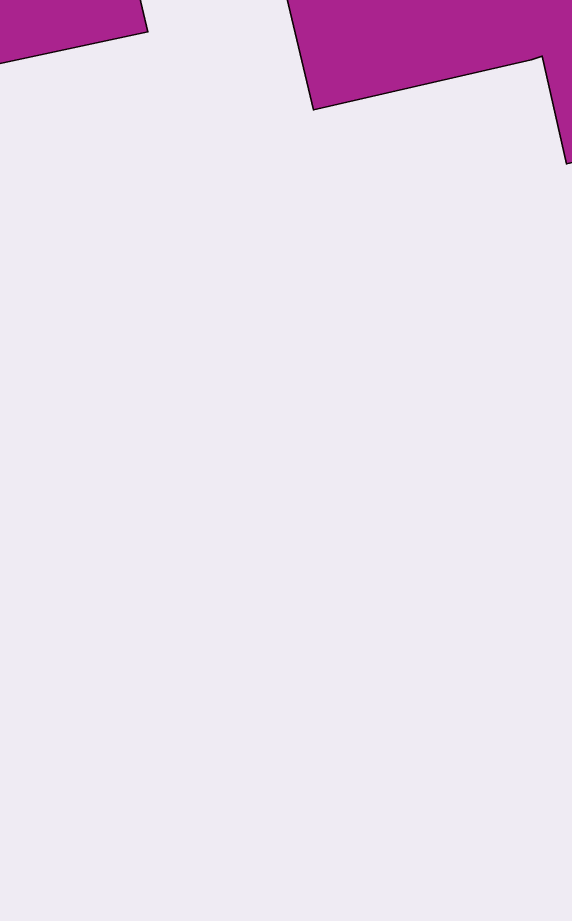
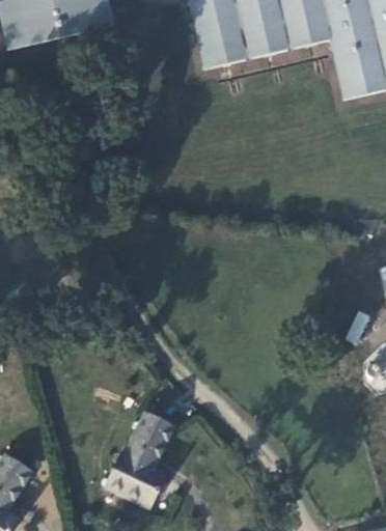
building: none -> [105,413,177,508]

